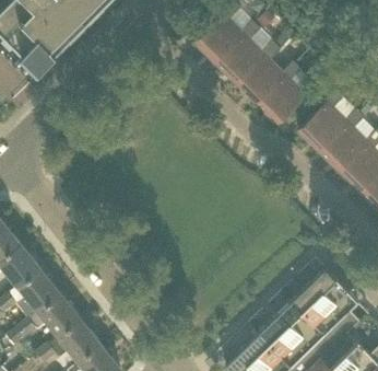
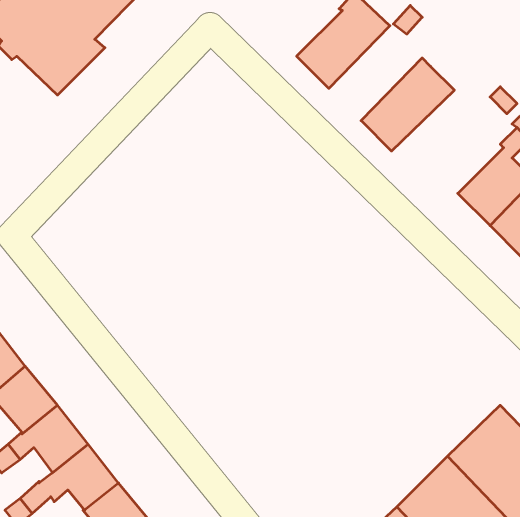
building: [215,23,275,84] -> none
building: [256,65,314,125] -> none

